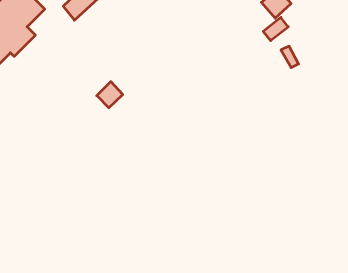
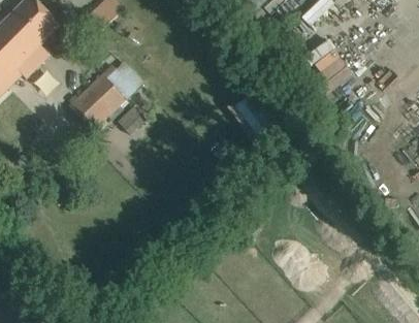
building: none -> [69,62,136,127]

